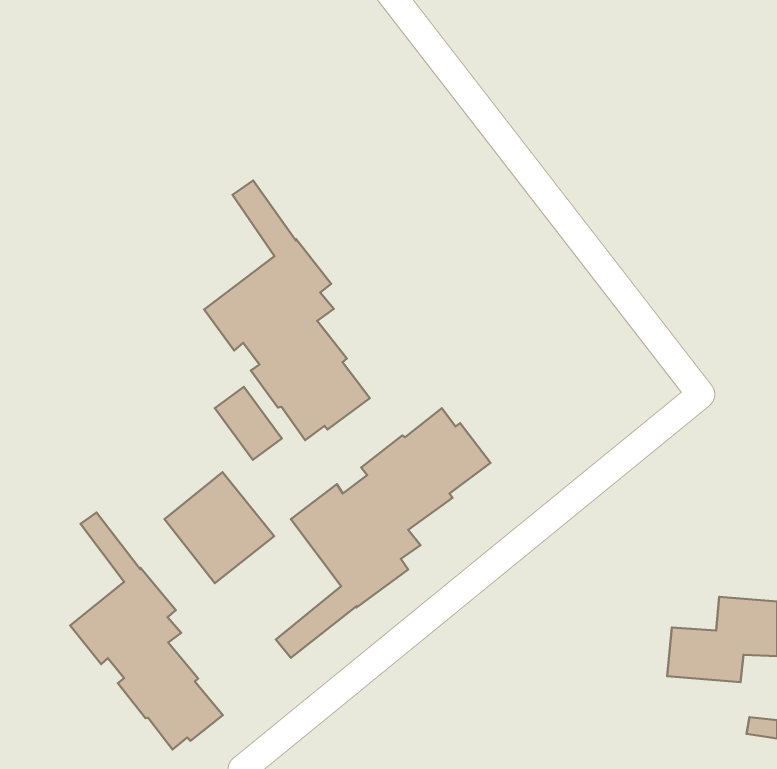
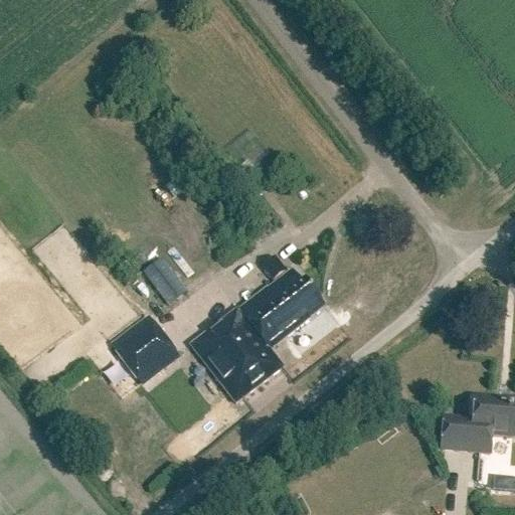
building: [204,180,370,440] -> none
building: [70,512,223,749] -> none

